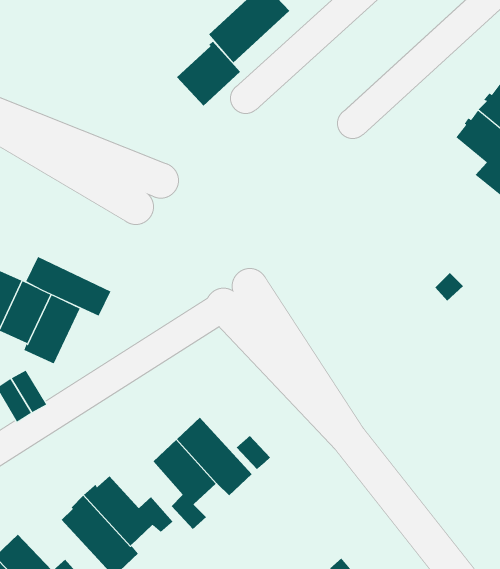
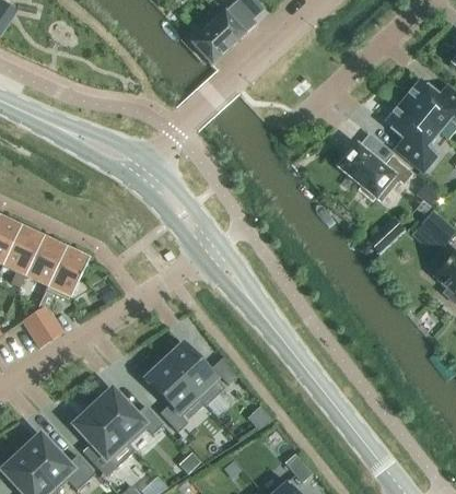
building: [176,41,241,106] -> none
building: none -> [338,143,411,201]
building: [25,256,111,316] -> none

